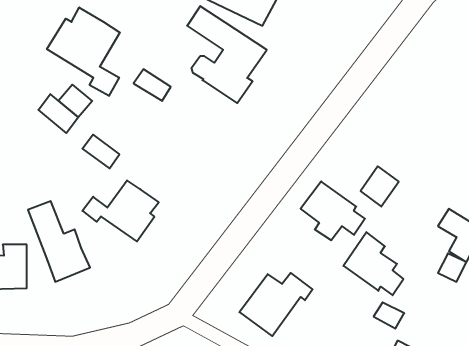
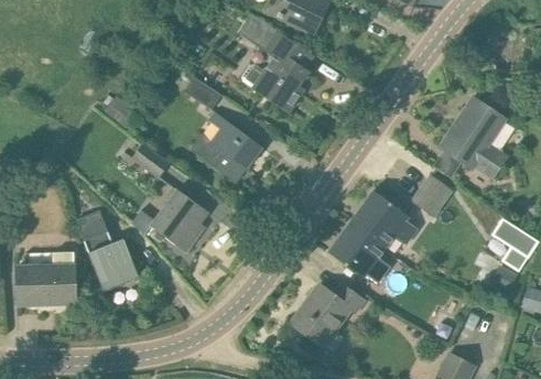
building: [47,7,120,96] -> none
building: none -> [440,98,505,176]
building: [38,94,78,133] -> none
building: none -> [191,111,259,174]
building: [343,232,403,295] -> [328,218,389,282]

